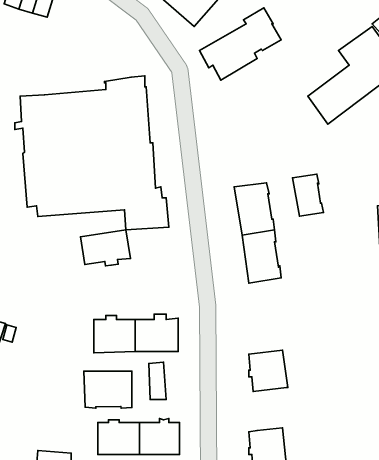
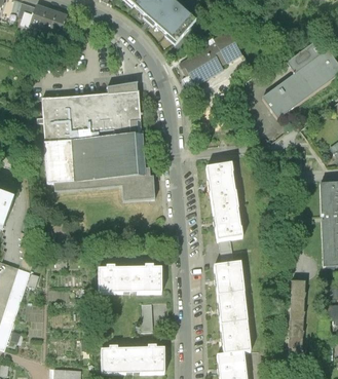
building: [293,174,324,216] -> none
building: [81,230,130,266] -> none
building: none -> [215,262,245,295]
building: none -> [288,278,306,356]
building: [84,371,132,408] -> none
building: none -> [221,320,251,353]

